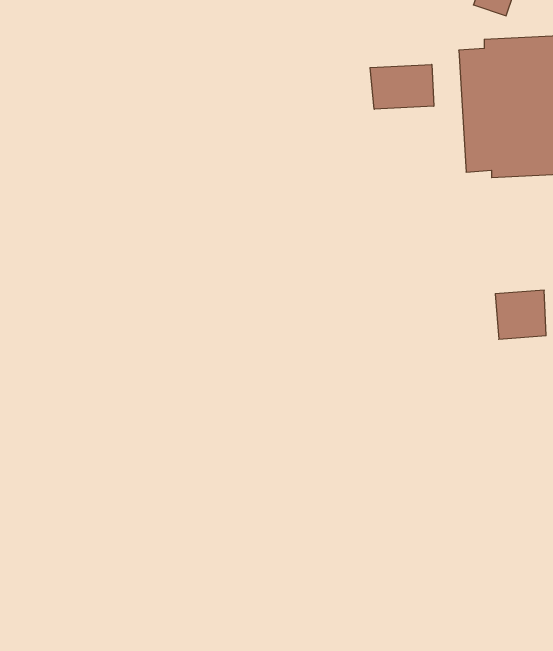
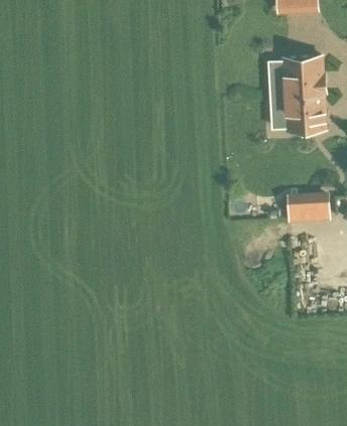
building: [370,64,434,109] -> none

